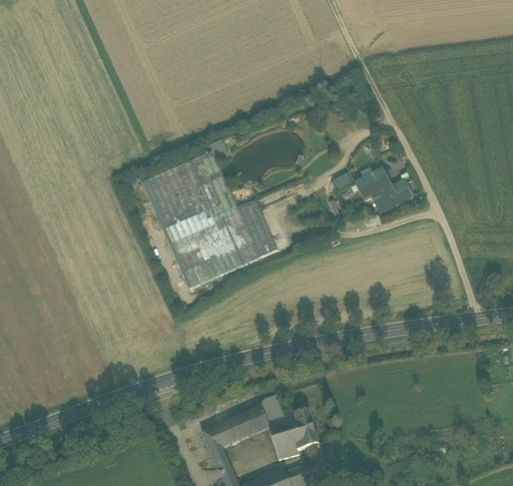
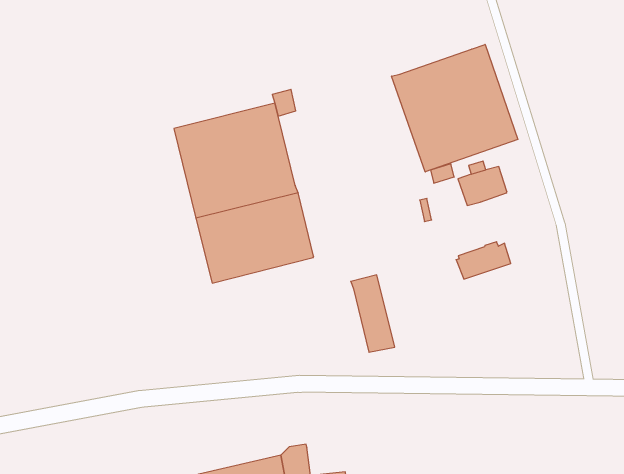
building: none -> [392,44,518,172]
building: [373,182,413,213] -> [456,242,511,279]
building: [237,200,278,258] -> [351,275,395,352]

